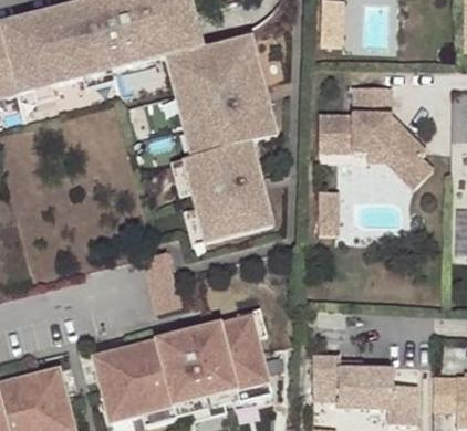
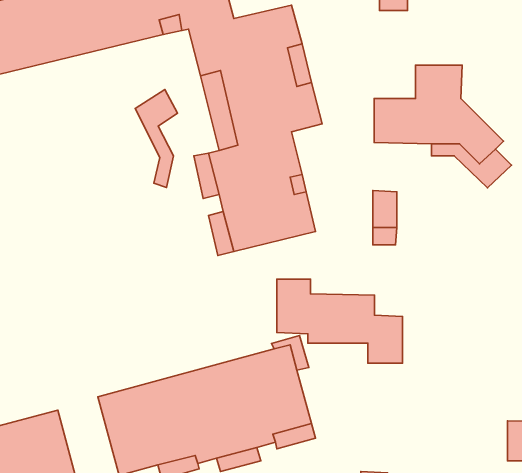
building: none -> [135,89,177,187]
building: [310,349,414,419] -> [277,279,402,363]

